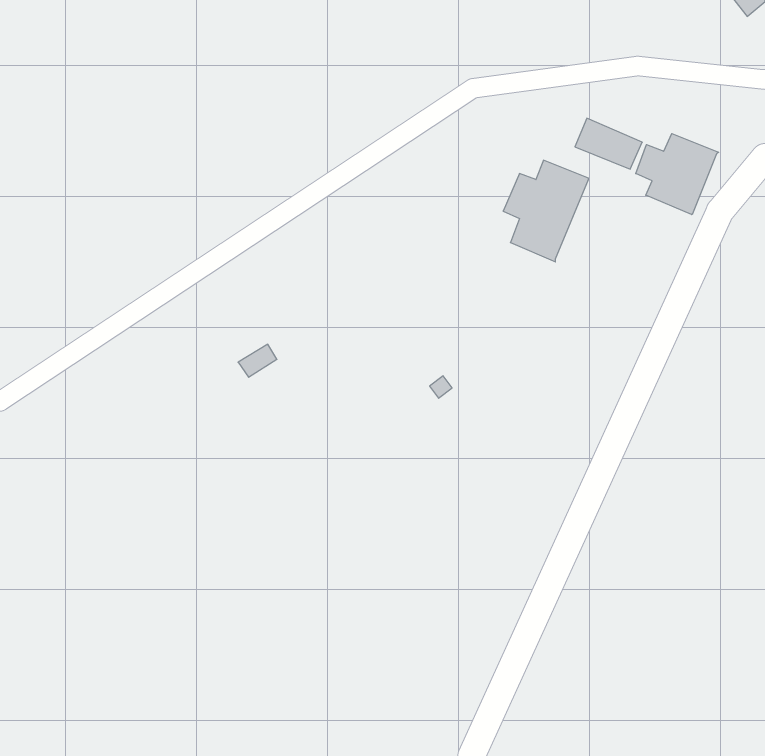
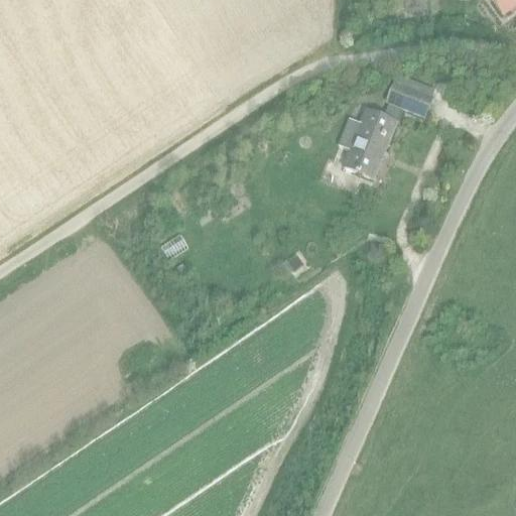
building: [636,134,719,215] -> none

